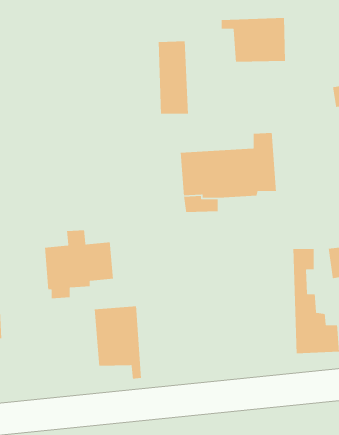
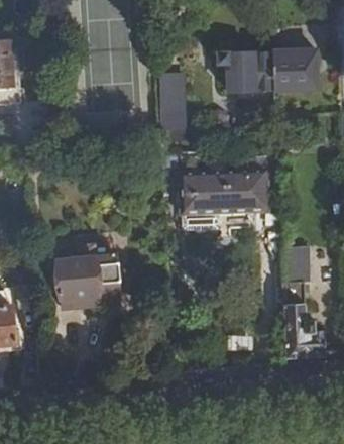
building: none -> [275,51,320,92]
building: [94,305,142,380] -> none

